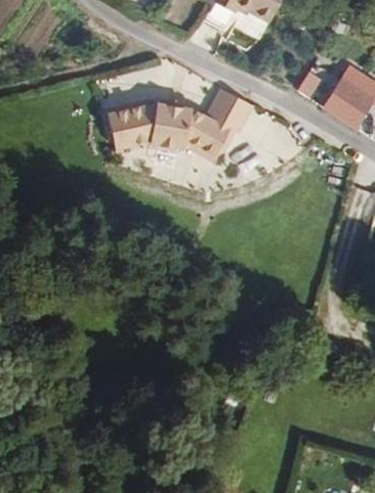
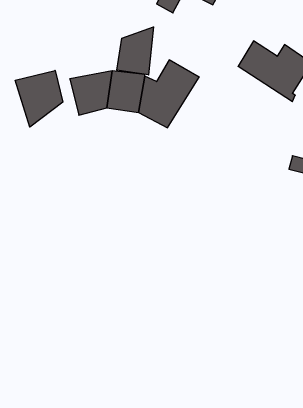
building: none -> [117,27,154,75]
building: none -> [15,70,63,127]

